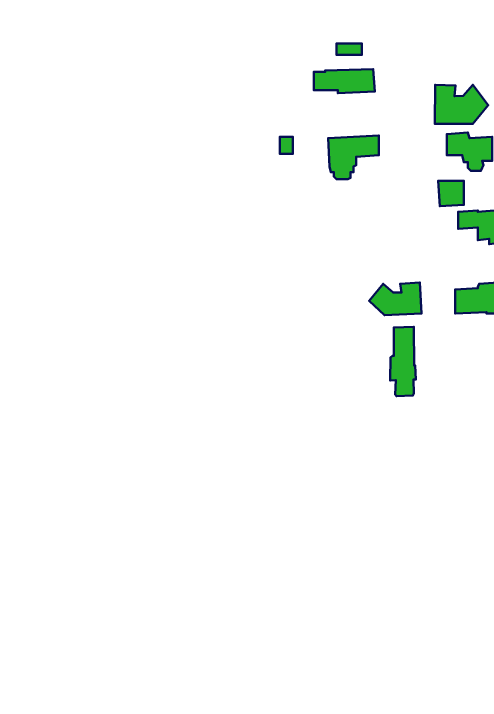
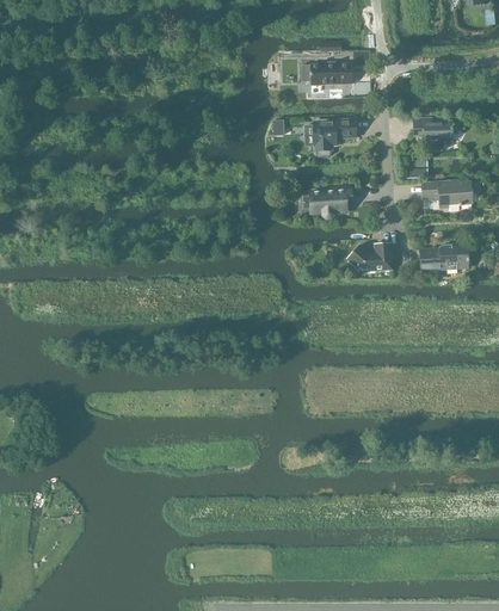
building: [435,85,488,124] -> none
building: none -> [301,185,351,217]
building: [390,327,416,396] -> none

